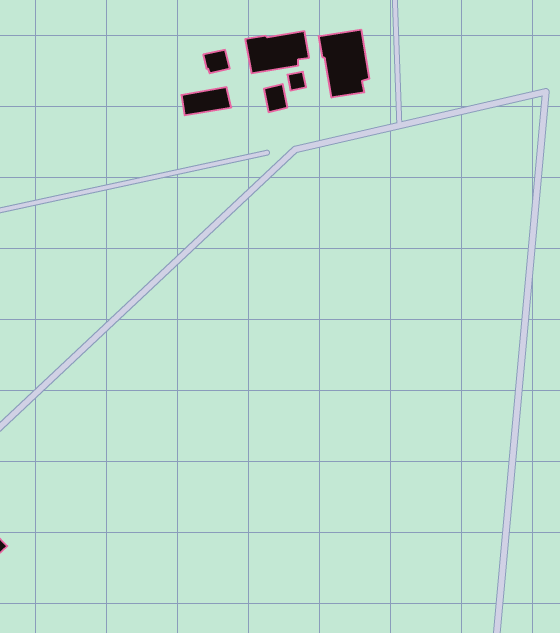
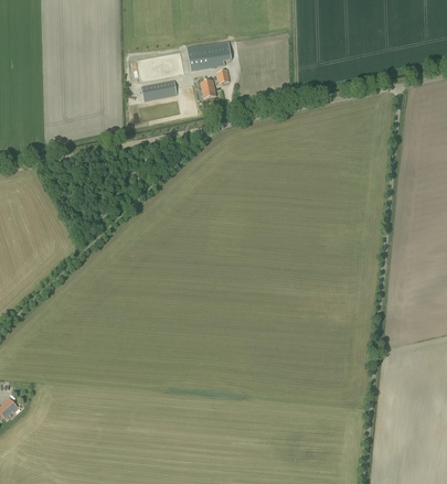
building: [319,30,369,98] -> none

